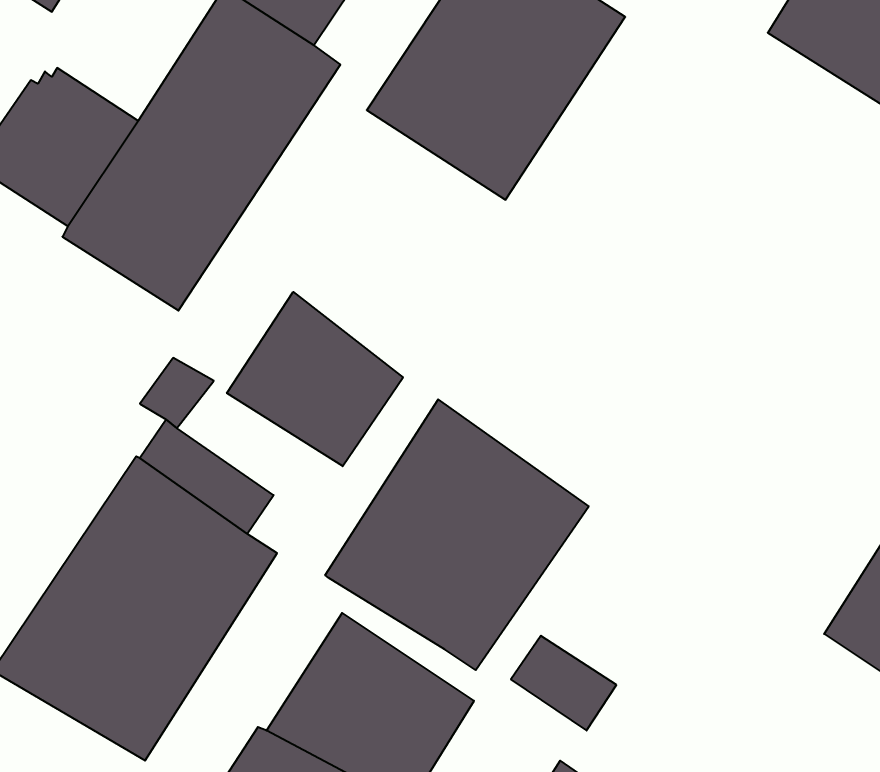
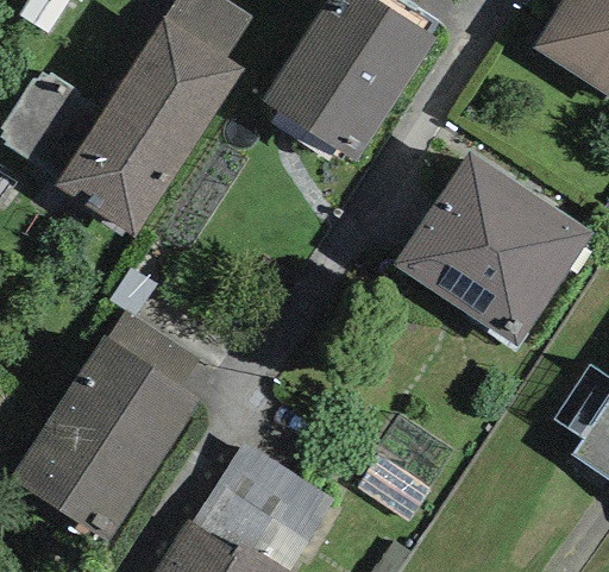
building: none -> [393,152,590,346]
building: [227,292,403,466] -> none
building: [325,399,589,670] -> none

